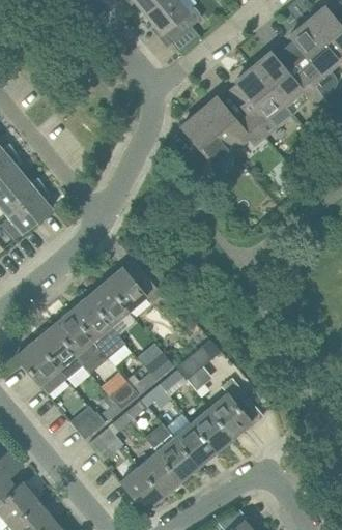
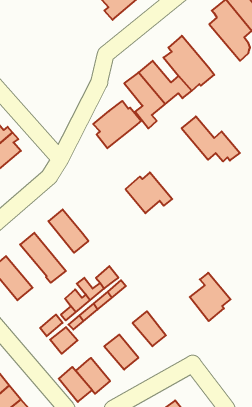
building: [252,52,324,108] -> [182,116,240,161]
building: none -> [93,101,141,148]
building: [104,261,162,312] -> [126,172,172,213]
building: [68,296,124,358] -> none
building: [33,325,84,379] -> none
building: [176,337,221,378] -> none
building: [208,378,259,438] -> [190,273,231,321]
building: [174,422,216,466] -> none
building: [139,451,180,495] -> [59,367,92,402]

